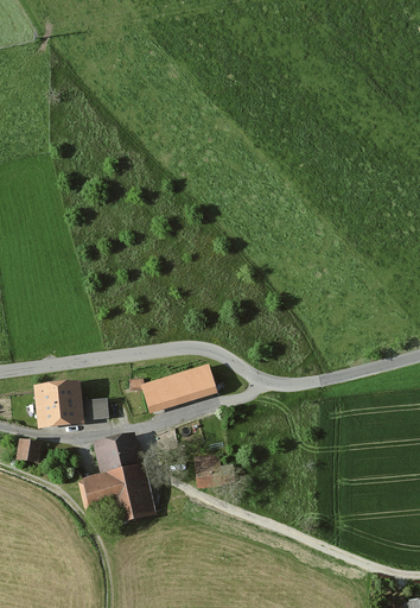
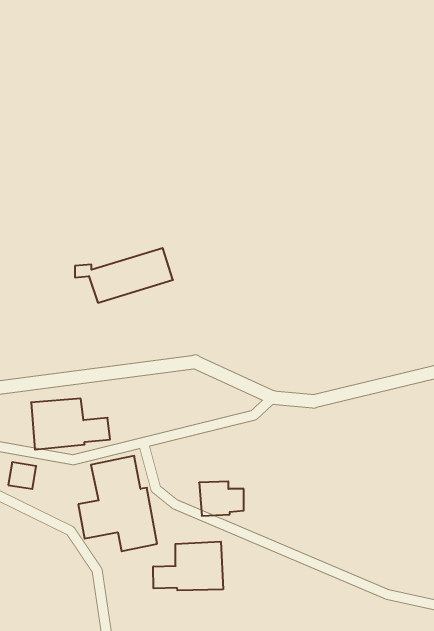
building: [128,362,219,413] -> [75,248,173,303]
building: none -> [153,542,223,590]

